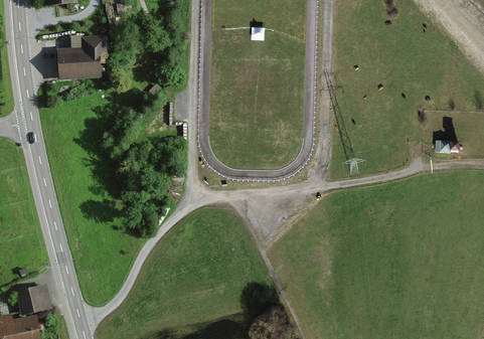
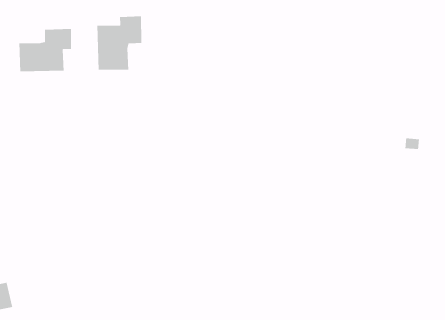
building: none -> [97,15,142,71]

